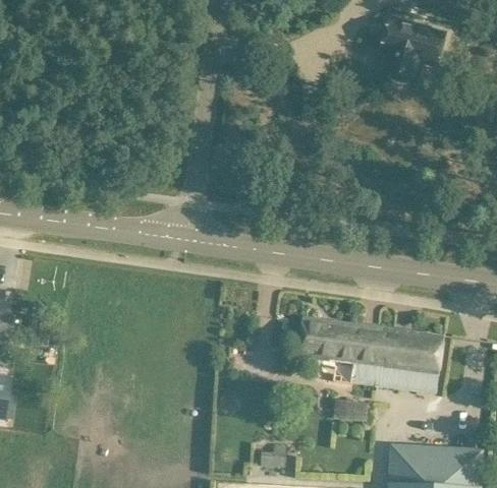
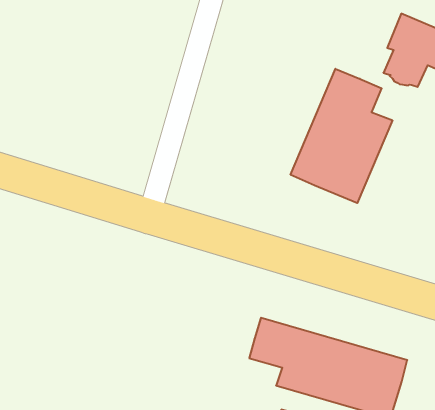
building: none -> [291,69,392,203]

